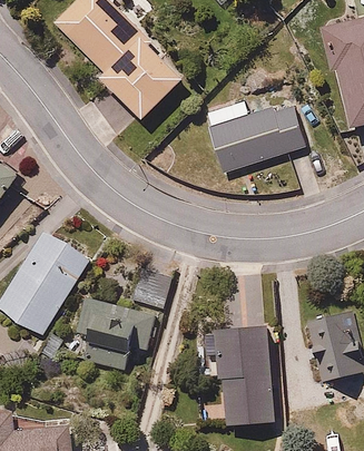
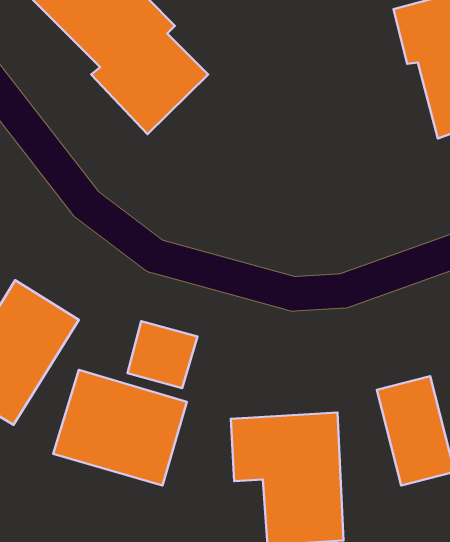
building: [203,84,315,174] -> none

